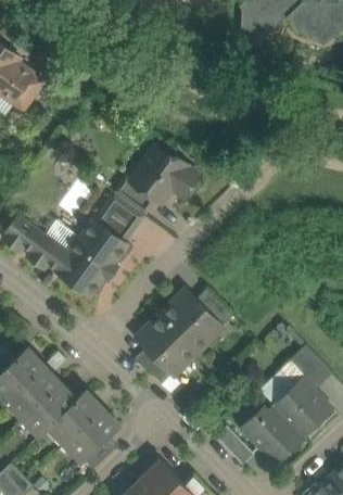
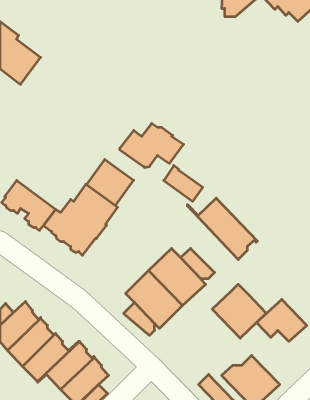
building: [114,176,156,215] -> [164,165,203,201]
building: none -> [187,198,257,260]
building: [274,378,332,436] -> [212,284,266,338]

